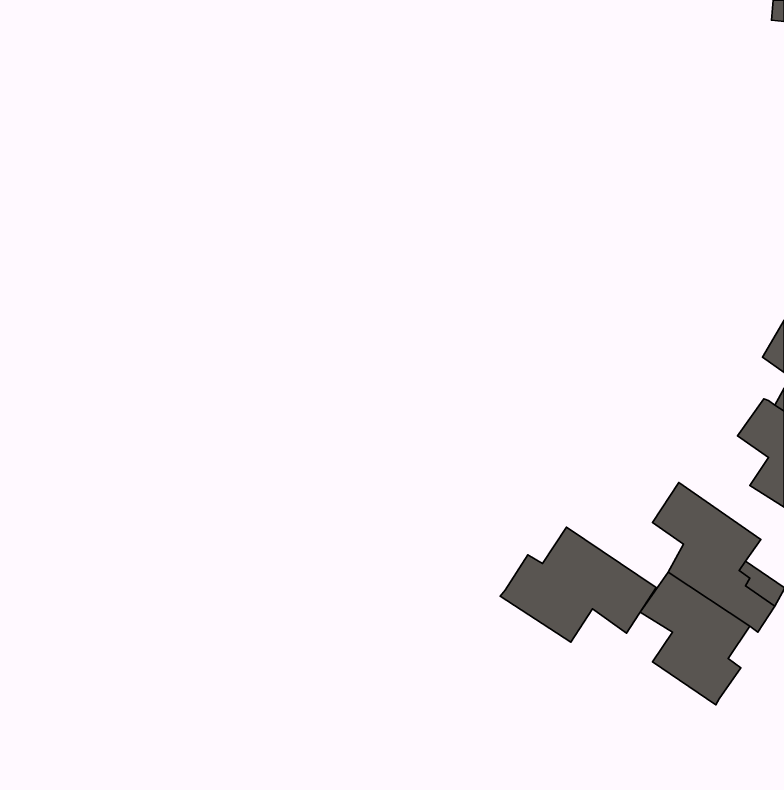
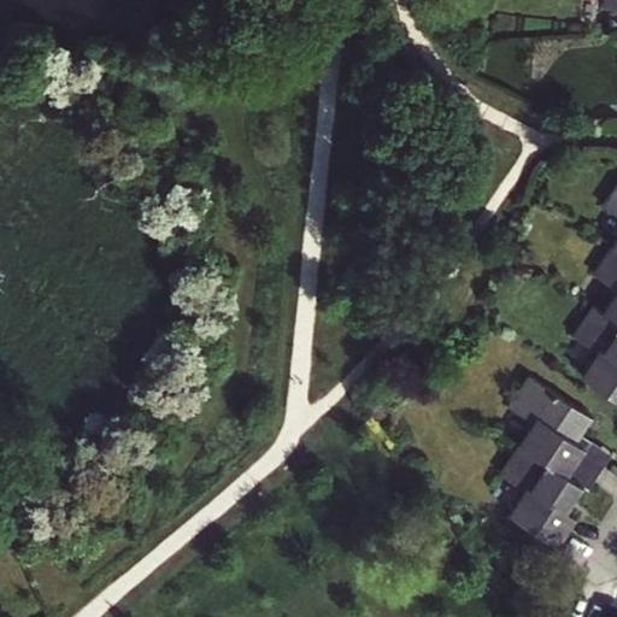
building: [500,527,656,642] -> none

